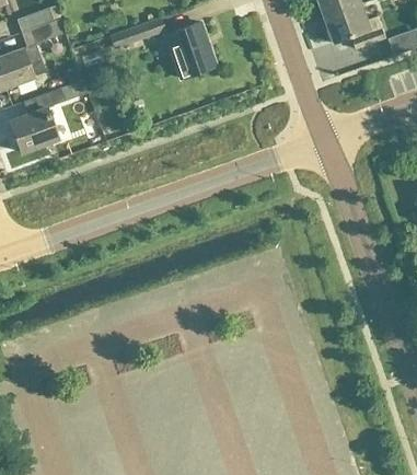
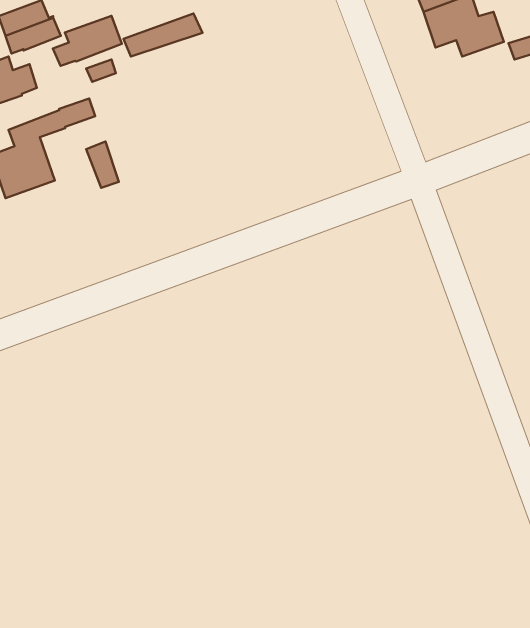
building: none -> [53,16,122,66]
building: [165,23,216,79] -> none

